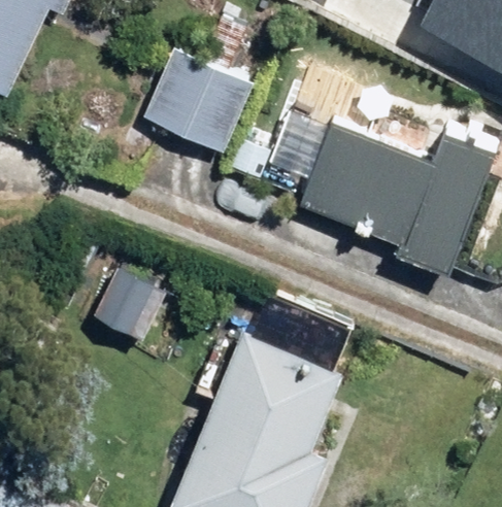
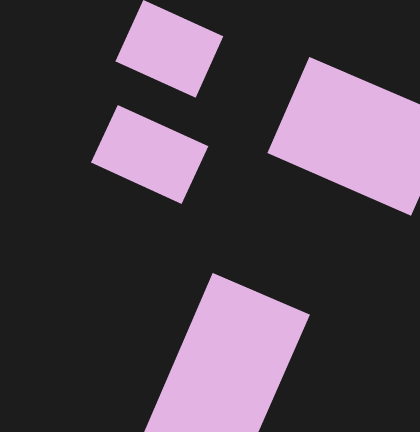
building: none -> [90,104,209,205]

